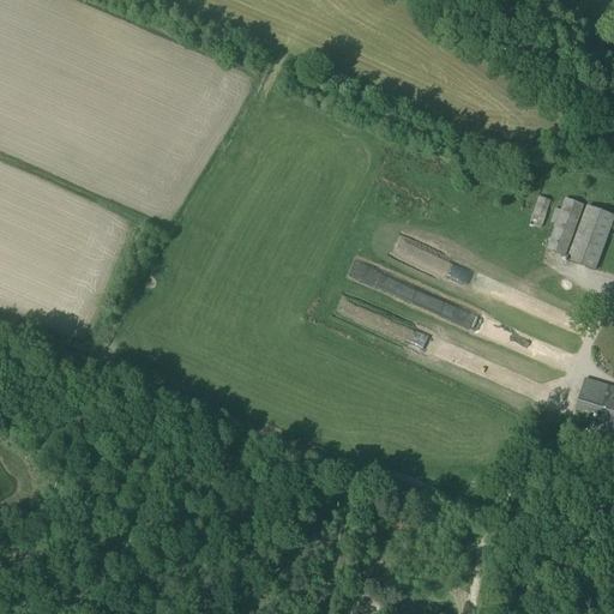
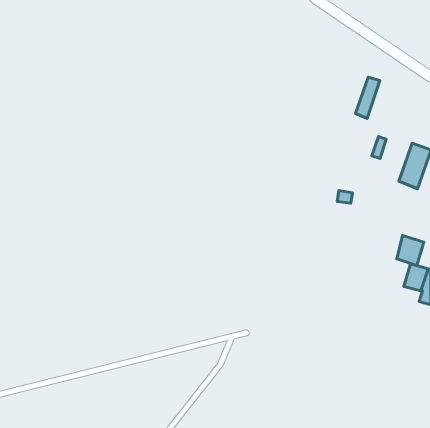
building: [548,197,583,255] -> [356,77,380,119]
building: none -> [397,235,424,265]

